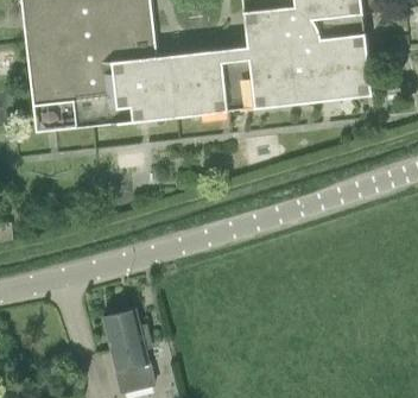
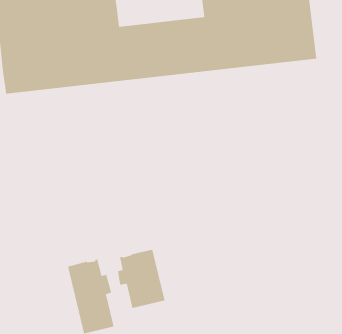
building: none -> [117,249,166,309]

